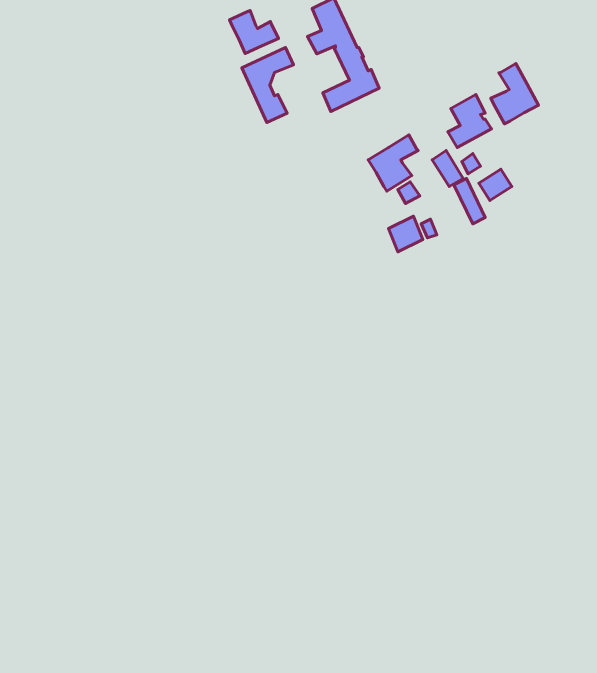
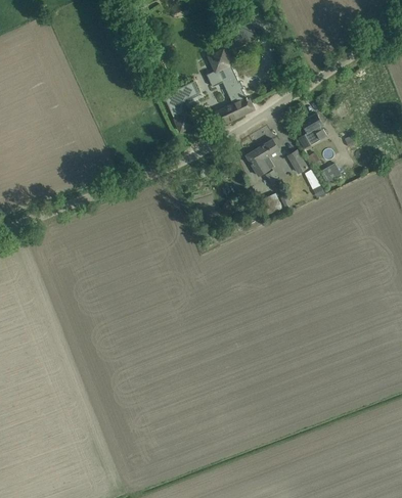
building: [229,11,278,54] -> none
building: [491,64,538,124] -> none

